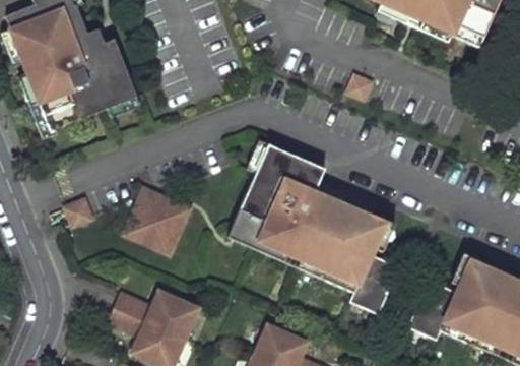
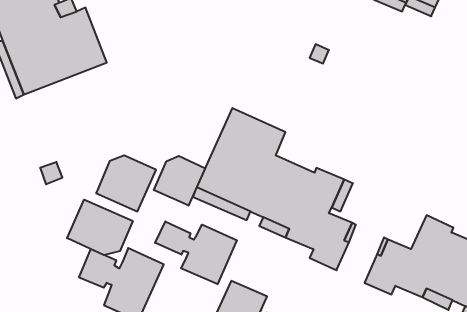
building: none -> [154,156,205,206]
building: none -> [67,200,133,255]
building: none -> [155,221,237,284]

